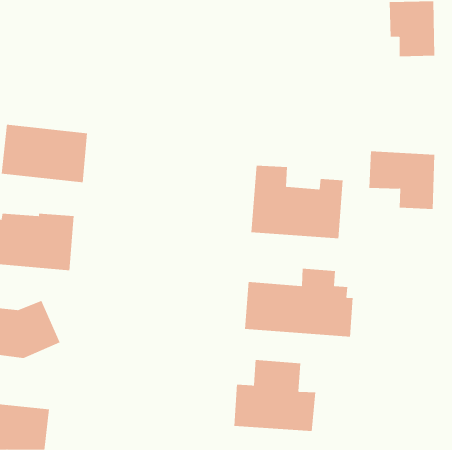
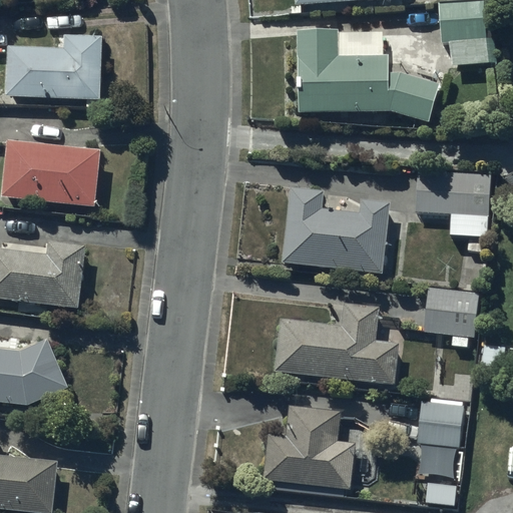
building: none -> [298,30,441,122]
building: none -> [8,36,101,97]
building: none -> [425,288,478,346]
building: none -> [418,402,464,475]

